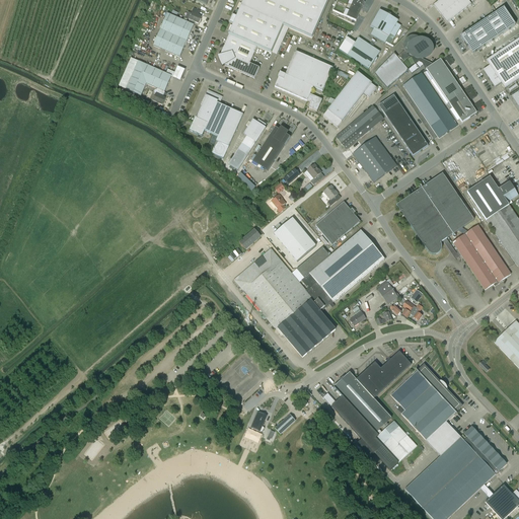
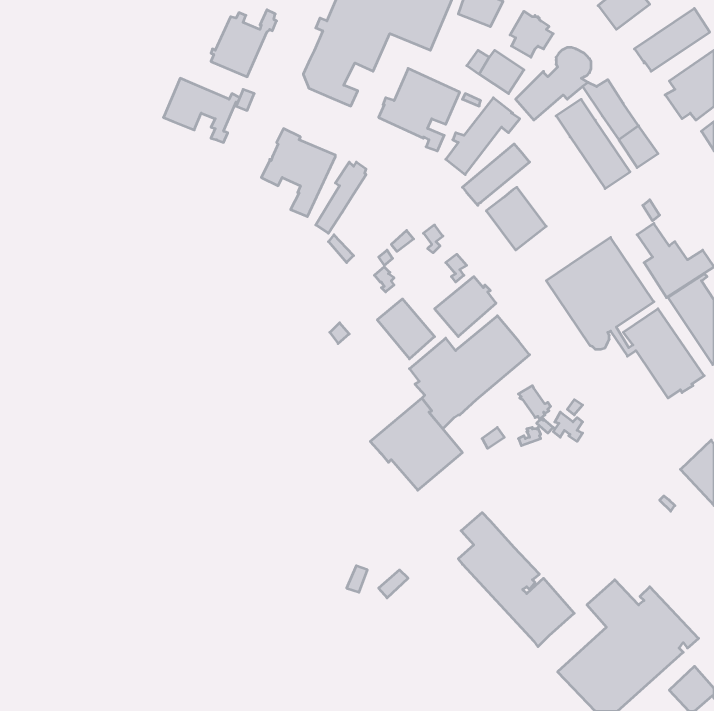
building: [379,94,428,155] -> none
building: [252,126,290,169] -> none
building: [234,247,306,320] -> none
building: [356,351,412,397] -> none
building: [390,367,459,439] -> none

